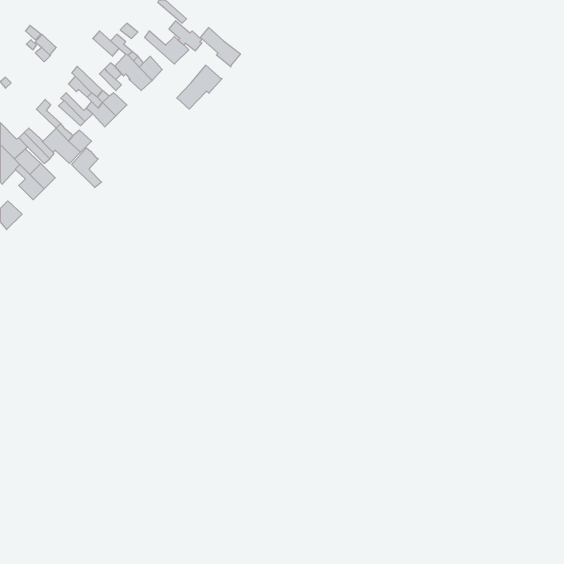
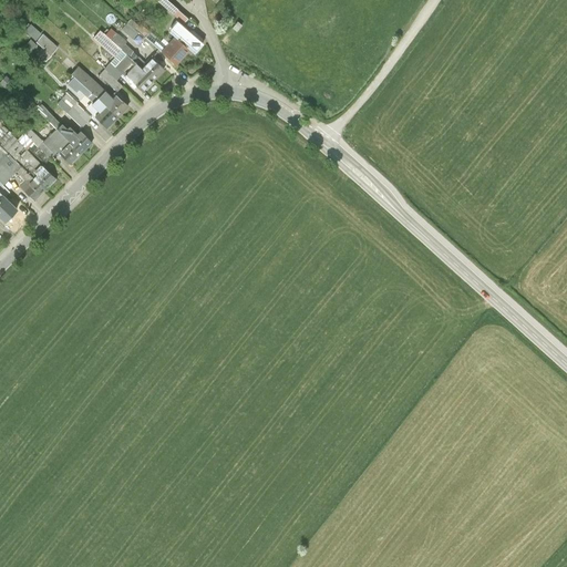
building: [200,28,240,67] -> none
building: [177,65,222,109] -> none
building: [72,148,102,188] -> none

